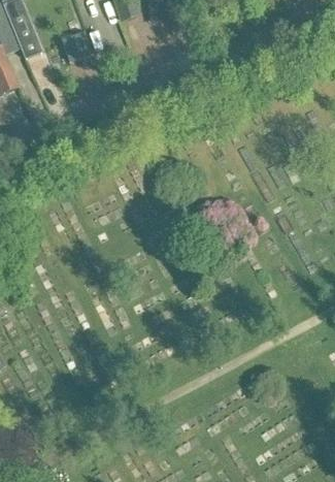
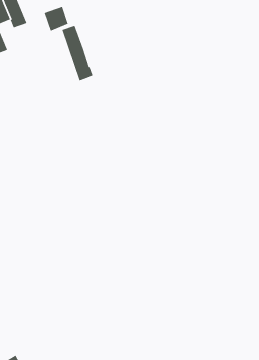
building: none -> [61,25,94,82]

